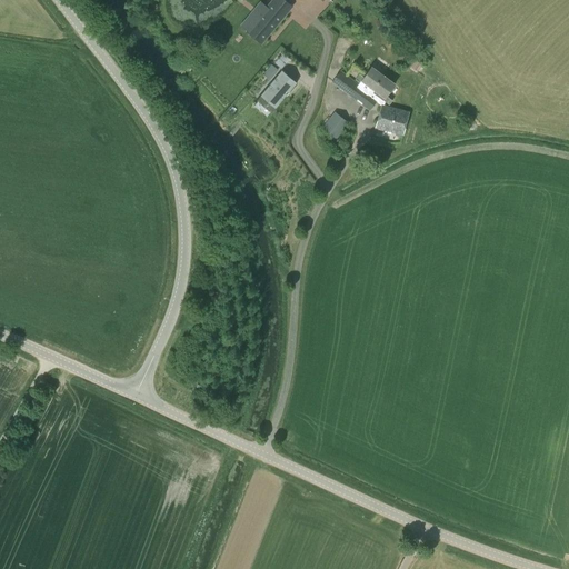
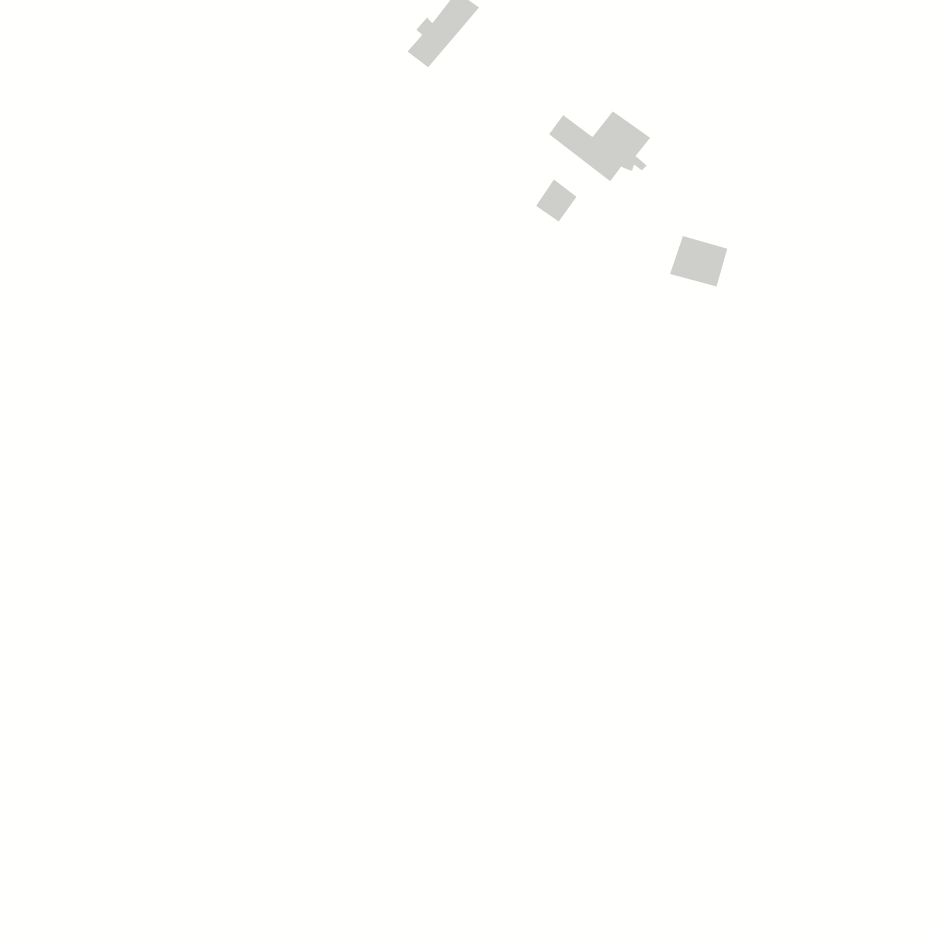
building: [259,69,296,107] -> none
building: [373,103,409,134] -> [669,236,728,287]

